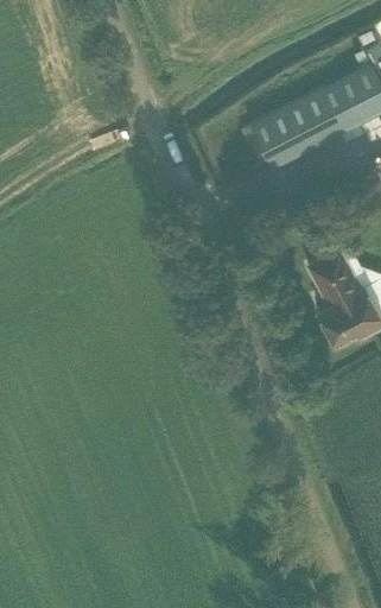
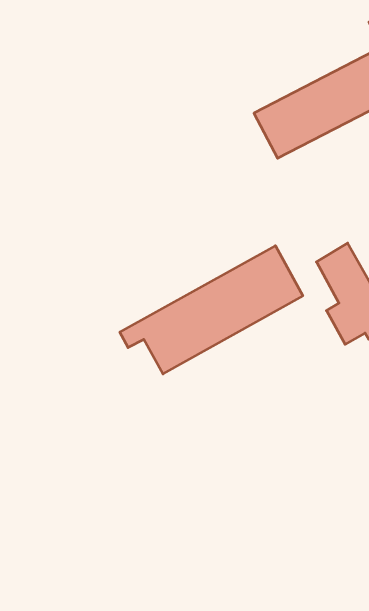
building: none -> [120,246,303,374]

